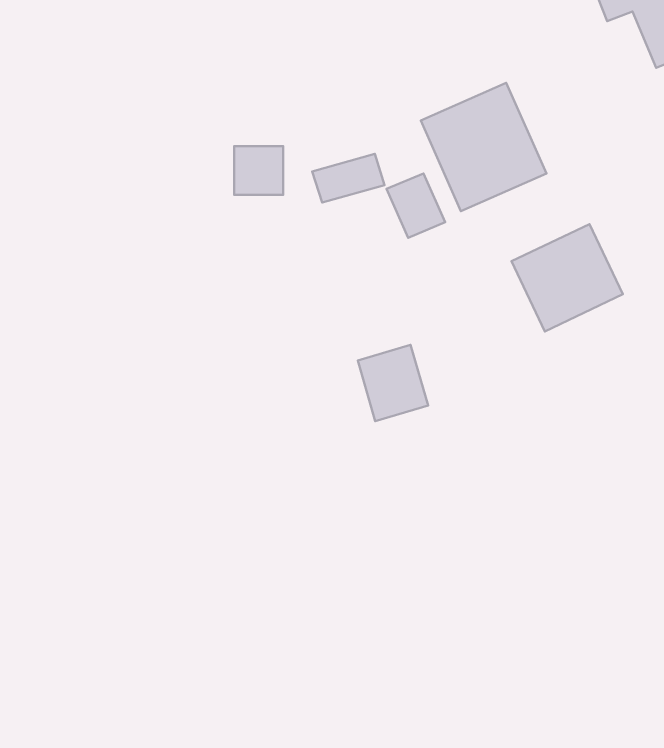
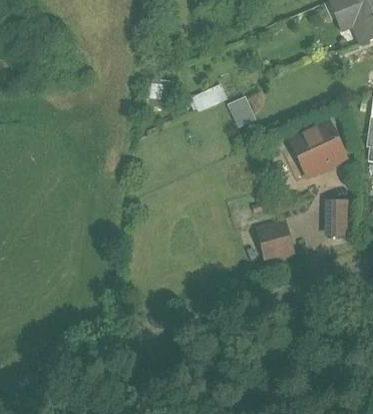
building: [421,83,546,211] -> none
building: [358,345,428,421] -> [258,221,294,260]
building: none -> [323,199,343,238]

